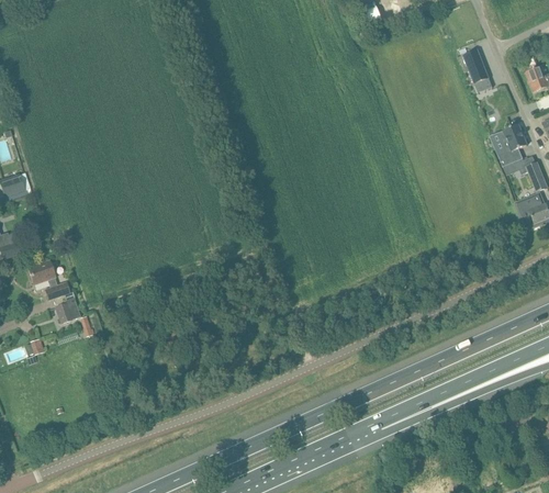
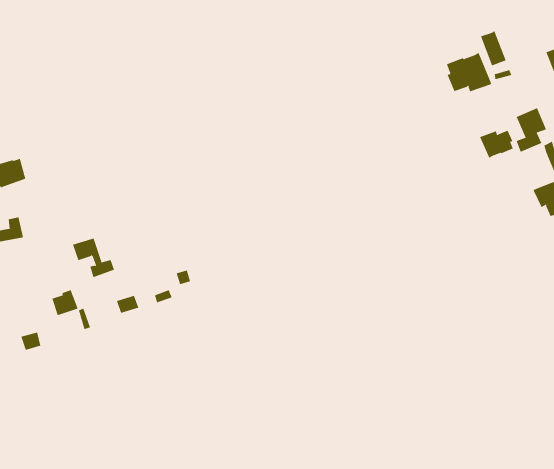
building: none -> [446,52,491,92]
building: none -> [480,130,514,159]
building: [29,261,69,300] -> [72,238,115,278]

